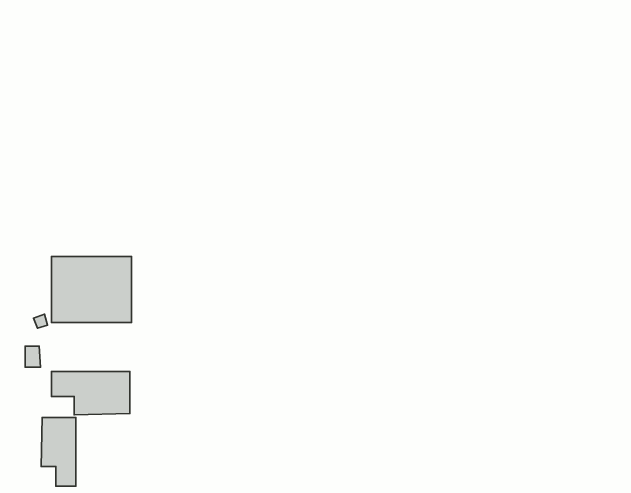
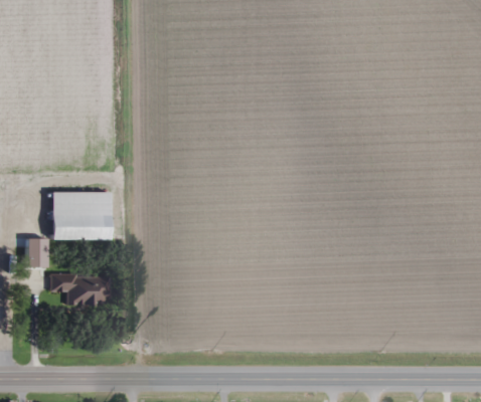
building: [41,417,76,486] -> none

